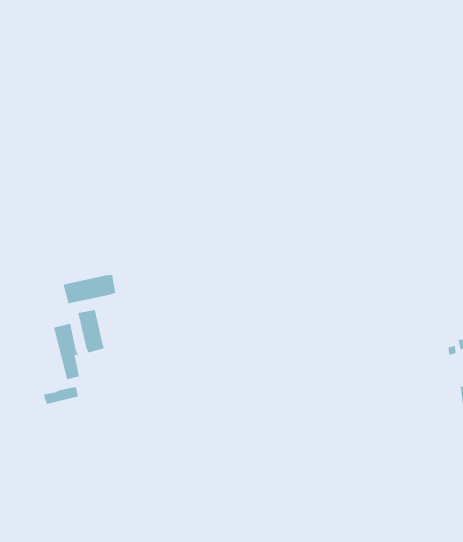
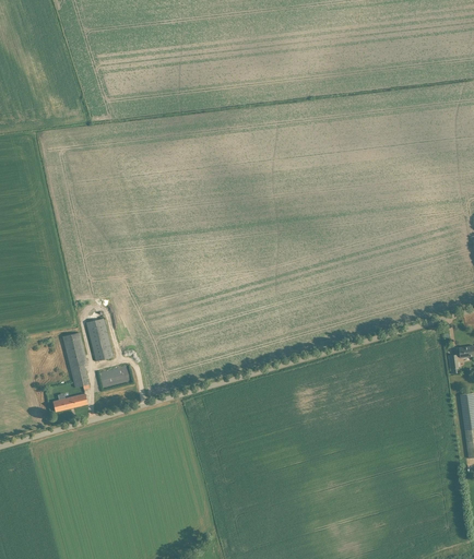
building: [63,274,116,304] -> none
building: none -> [97,364,131,388]

